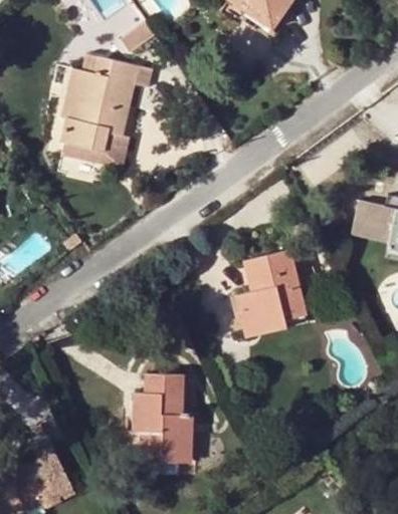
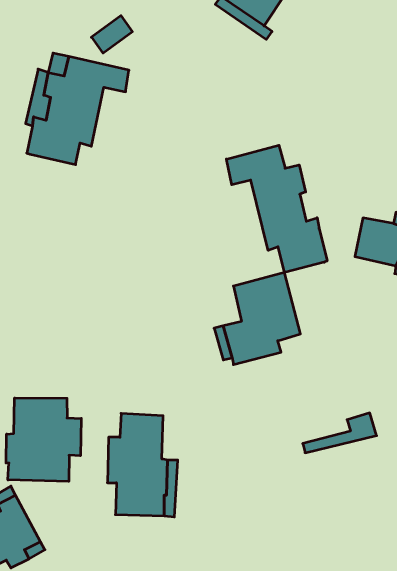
building: [61,133,131,169] -> none
building: none -> [226,145,327,272]
building: [244,301,310,336] -> [303,413,377,453]
building: none -> [6,398,81,481]

